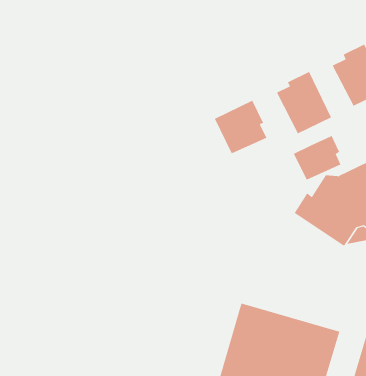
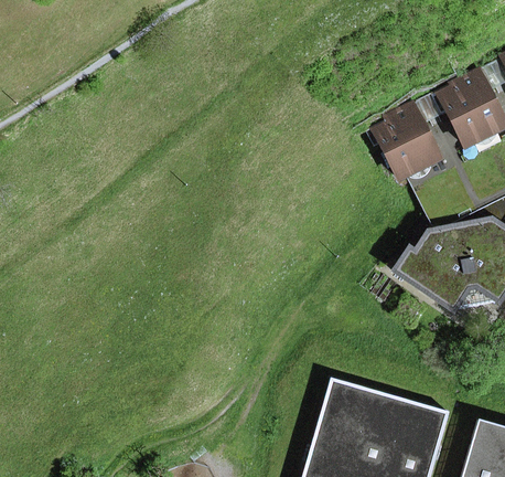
building: [214,100,267,154] -> none
building: [293,135,341,180] -> none

